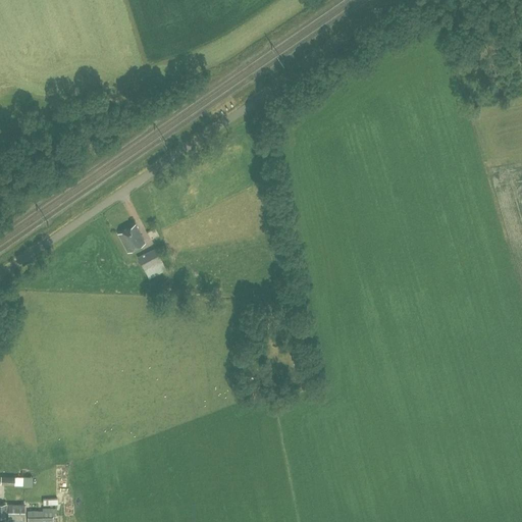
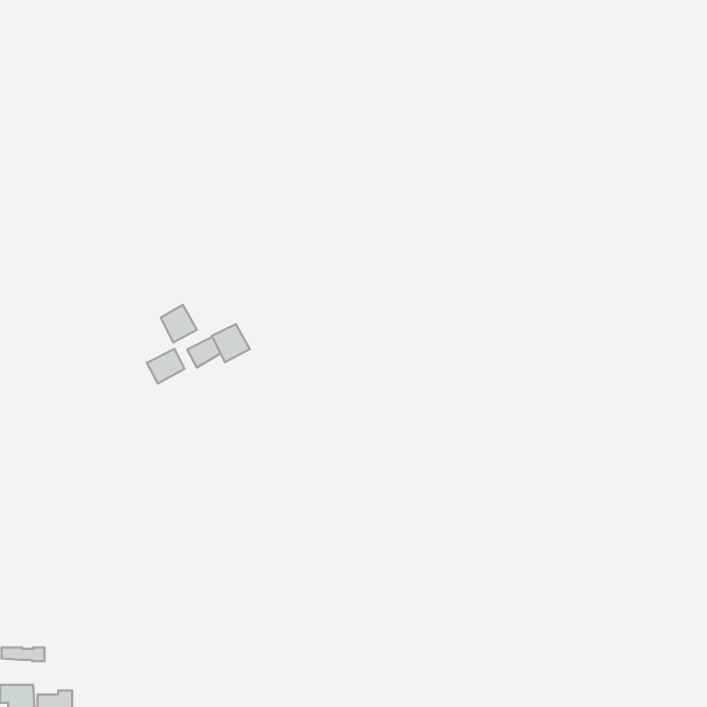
building: none -> [212,324,250,362]
building: none -> [147,349,184,383]

